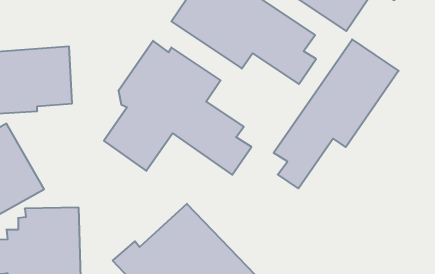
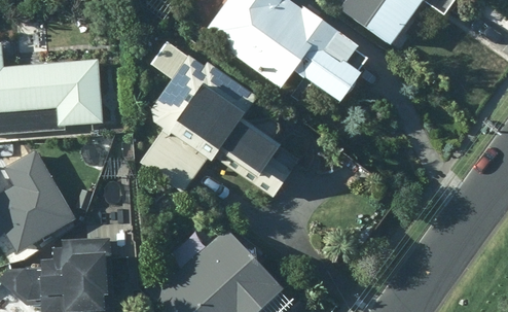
building: [274,39,399,188] -> none

